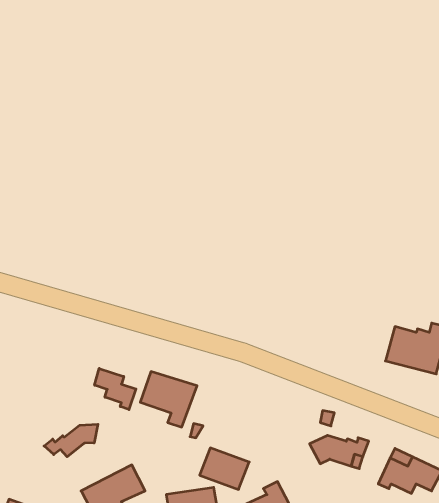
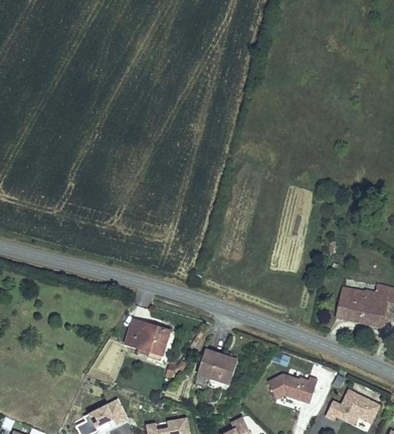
building: [95,368,136,410] -> none
building: [44,424,98,457] -> none
building: [200,448,249,489] -> [197,350,239,386]

